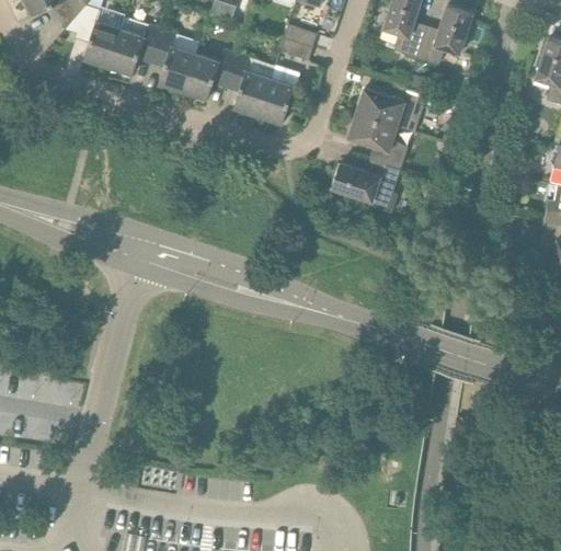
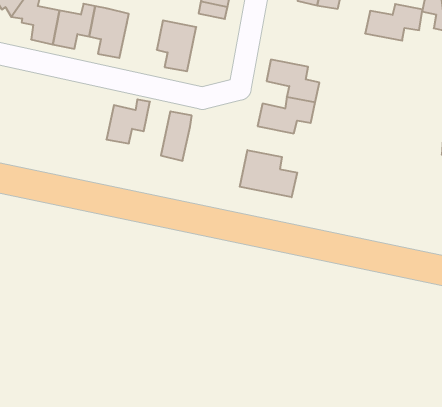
building: [183,50,238,100] -> [106,99,150,143]
building: [259,67,299,125] -> [161,111,192,161]
building: [356,84,425,127] -> [365,4,423,41]
building: none -> [240,150,297,197]

